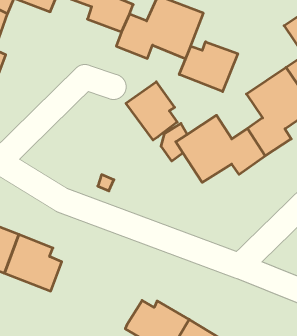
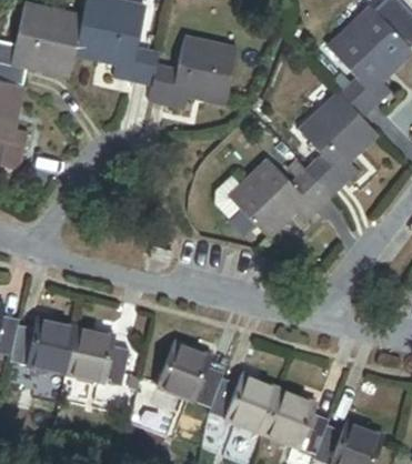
building: [179,42,238,92] -> none
building: [126,82,177,140] -> none
building: none -> [155,342,223,406]

